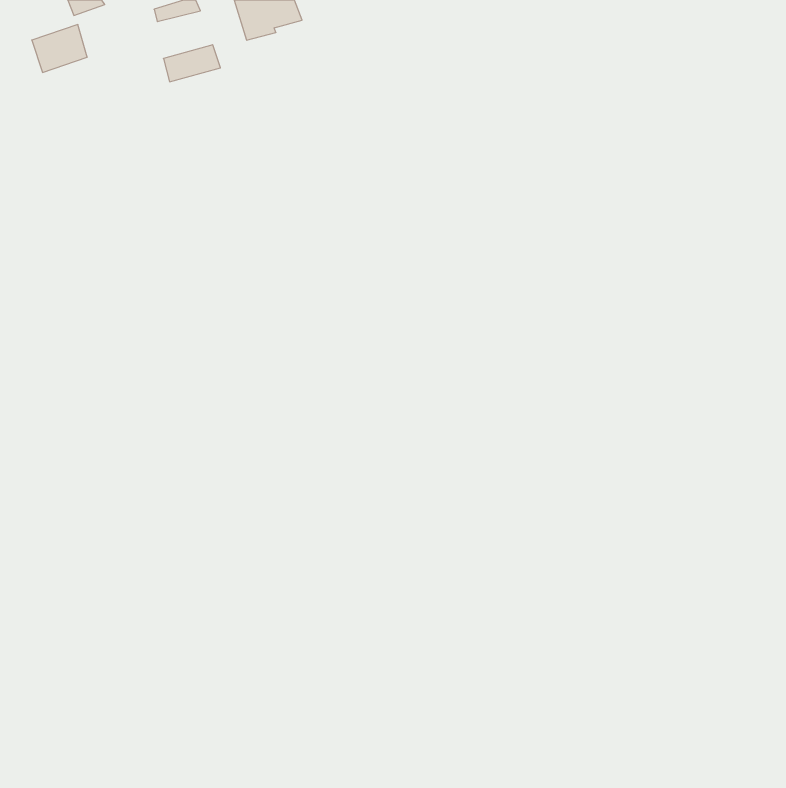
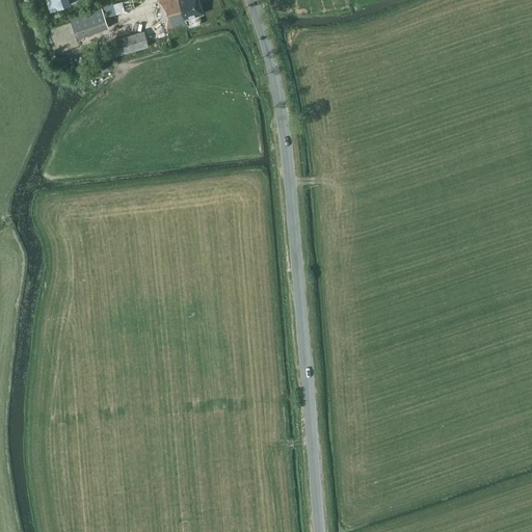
building: [32,25,87,72] -> [72,6,109,38]

